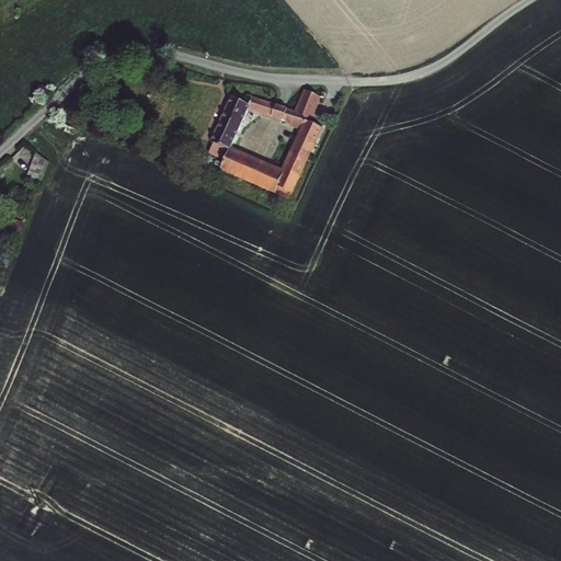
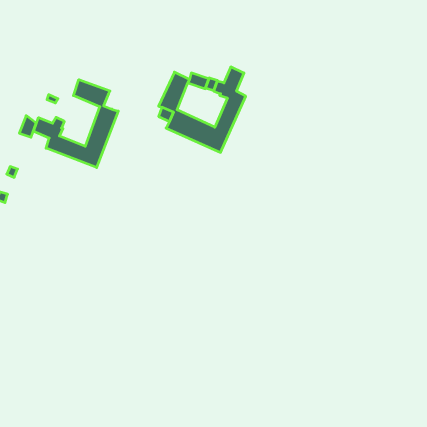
building: none -> [33,80,118,168]

